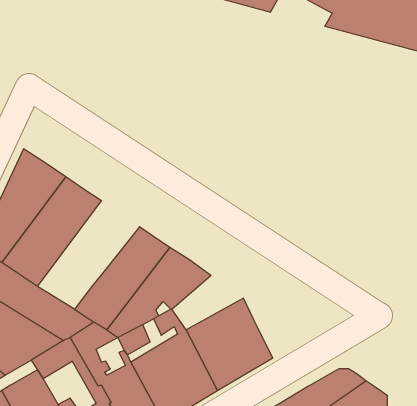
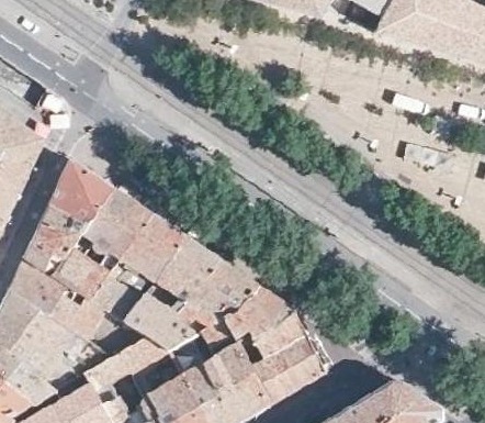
building: none -> [87,212,190,322]
building: none -> [223,288,295,343]

